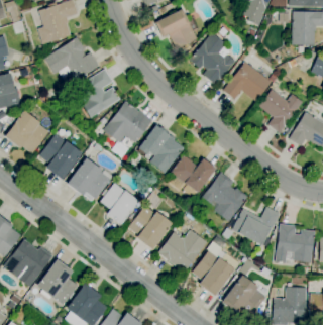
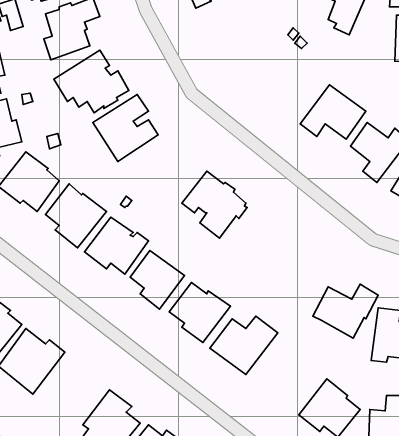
building: [156,10,198,50] -> none
building: [188,33,235,86] -> none
building: [103,102,152,143] -> none
building: [170,155,215,193] -> none
building: [200,173,247,222] -> none
building: [192,250,239,296] -> none
building: [36,259,78,305] -> none

